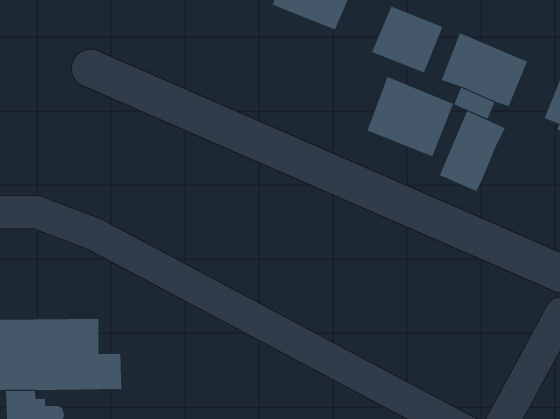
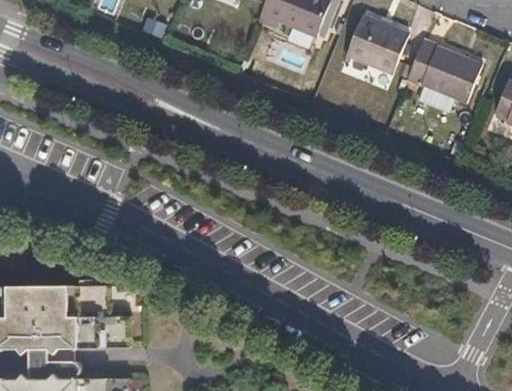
building: [367,76,454,157] -> none
building: [439,110,505,192] -> none

